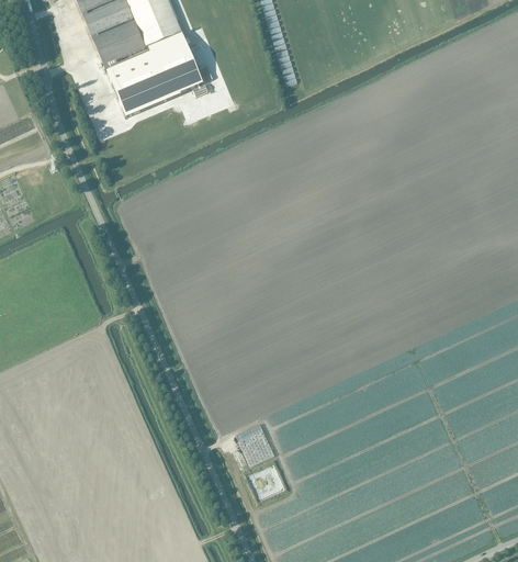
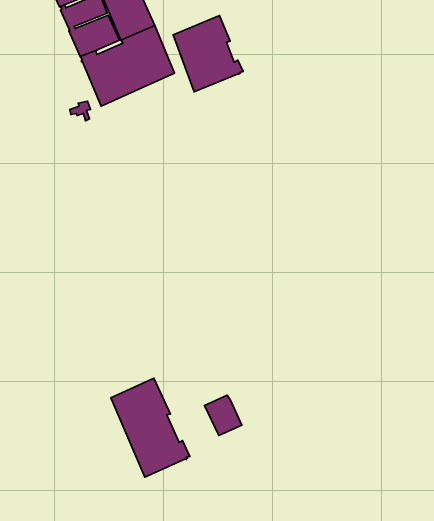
building: none -> [173,15,243,92]
building: none -> [111,378,190,477]

